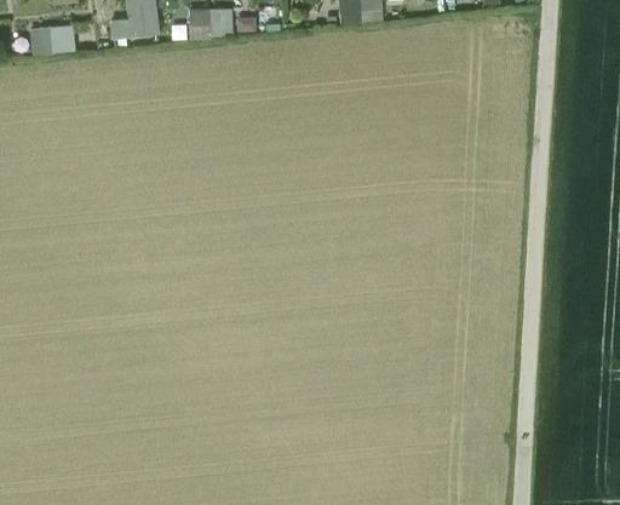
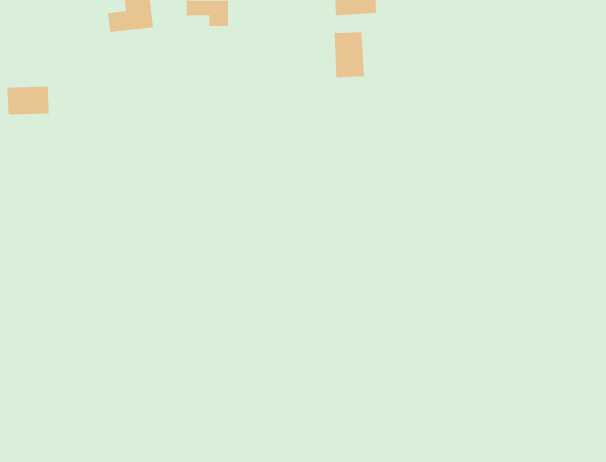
building: [30,25,74,54] -> [7,86,50,115]
building: none -> [334,31,364,78]

